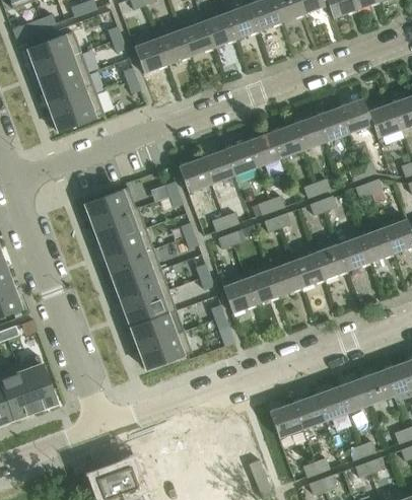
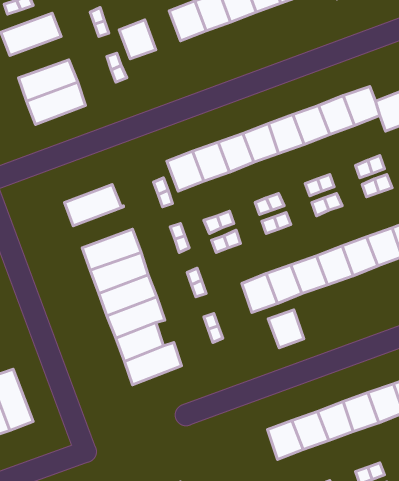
building: [157,29,190,65] -> none
building: [35,53,88,90] -> none
building: [92,208,146,245] -> none
building: [222,278,255,312] -> [268,310,304,348]

